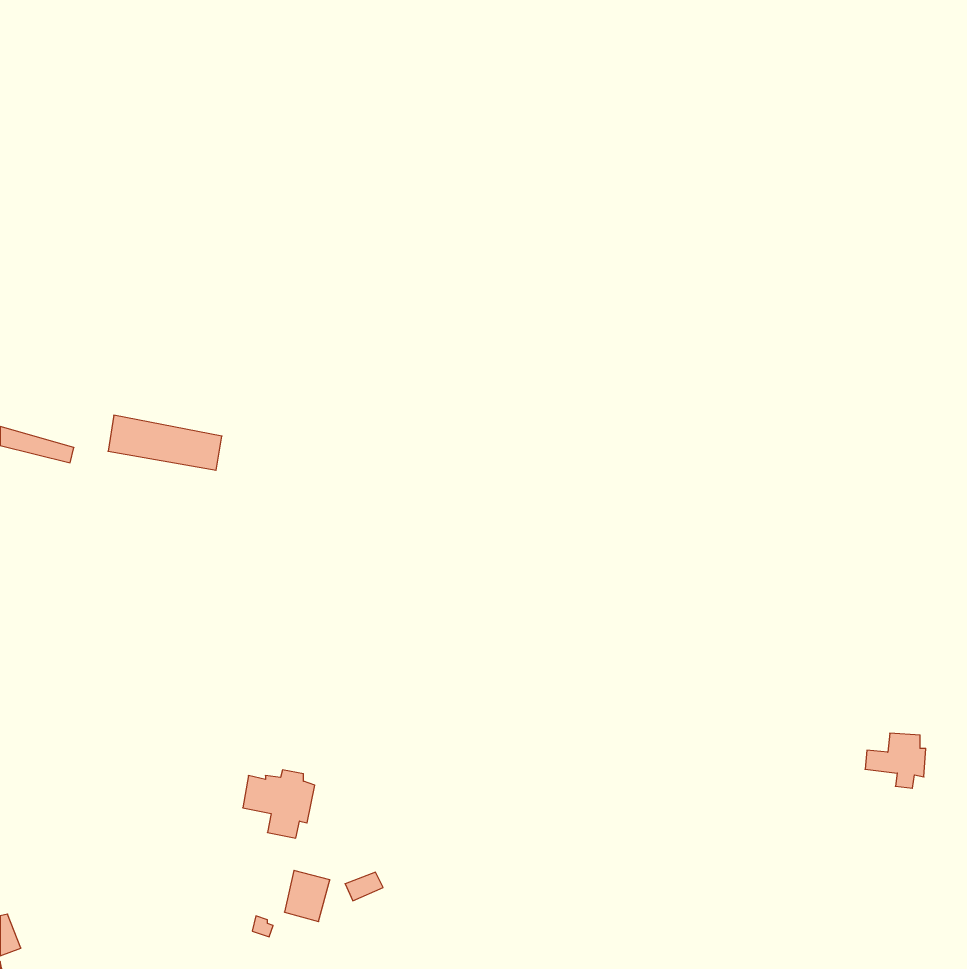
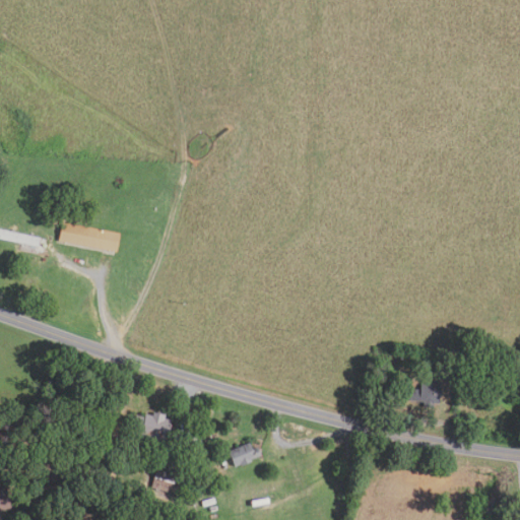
building: [865,733,926,788] -> [409,380,442,409]
building: none -> [229,444,261,467]

